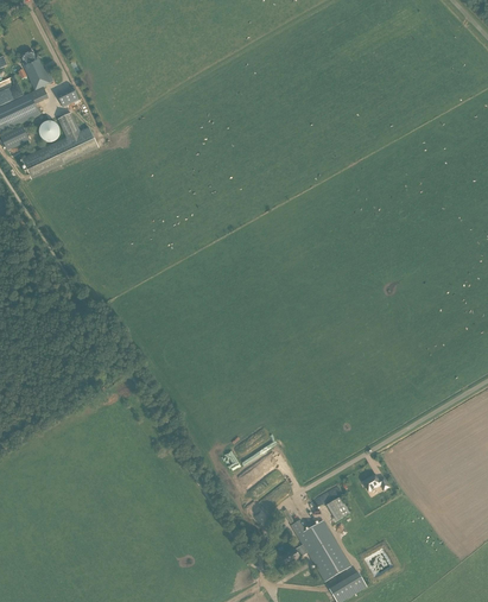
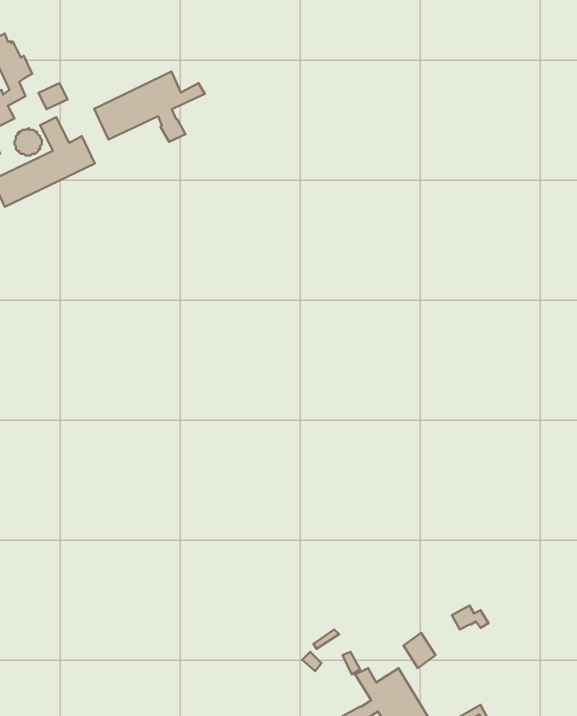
building: none -> [94,71,205,142]

